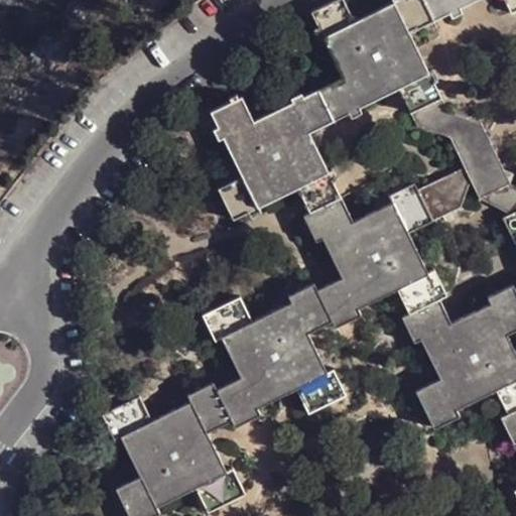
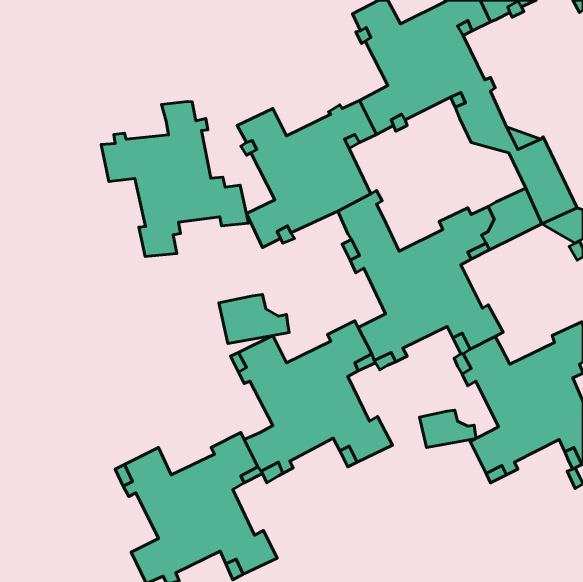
building: none -> [101,101,249,257]
building: none -> [219,295,289,344]
building: none -> [420,410,476,447]

